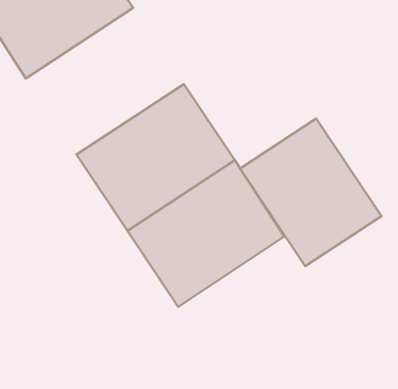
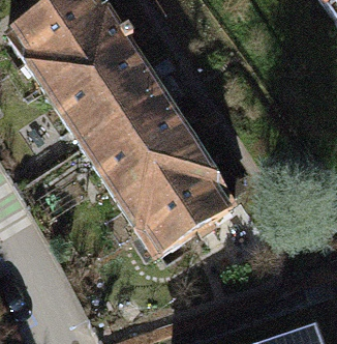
building: none -> [41,32,157,140]
building: [240,118,381,266] -> none

